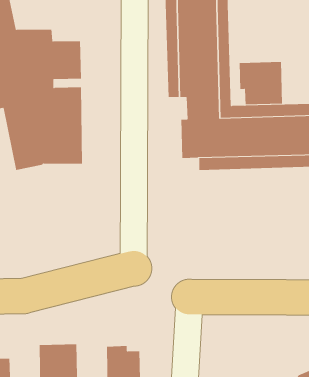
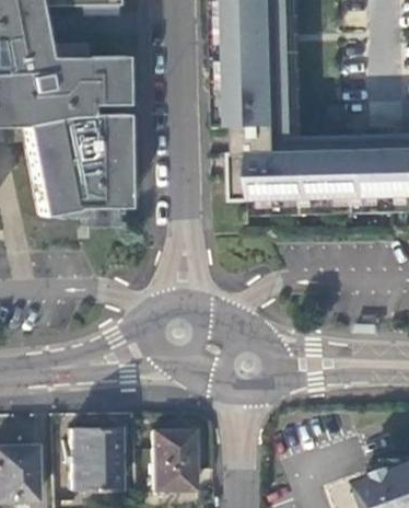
building: [239,61,283,105] -> none

